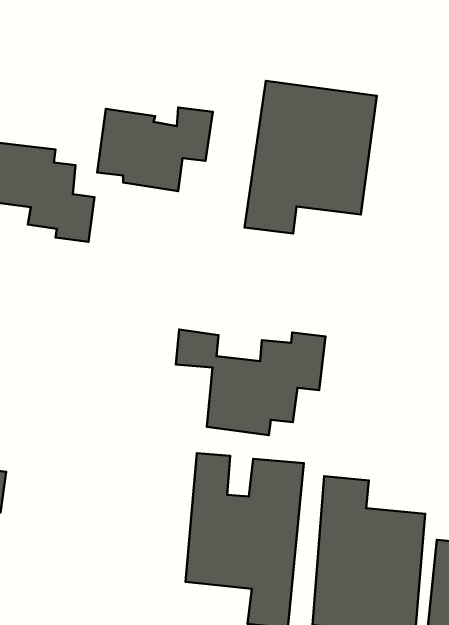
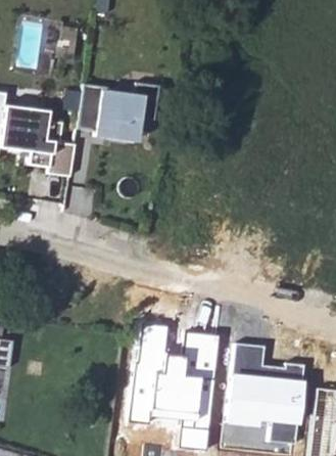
building: [245,81,377,234] -> none
building: [176,329,325,435] -> none

